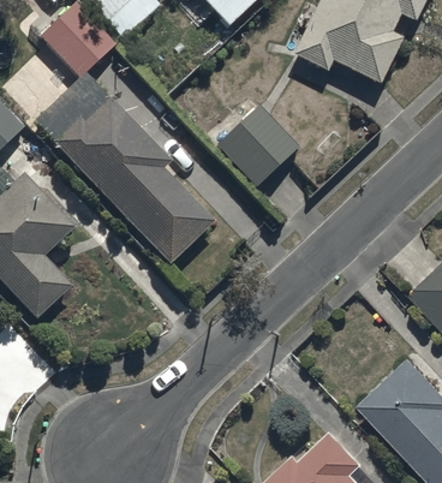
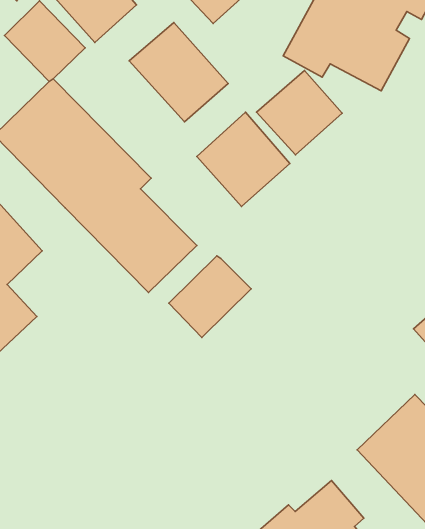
building: none -> [129,23,228,122]
building: none -> [256,70,342,155]
building: none -> [169,256,251,338]

